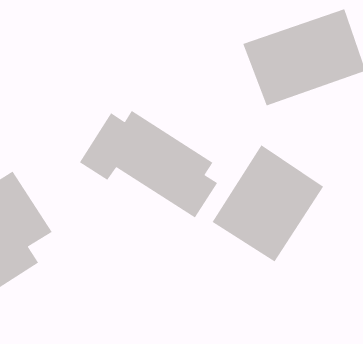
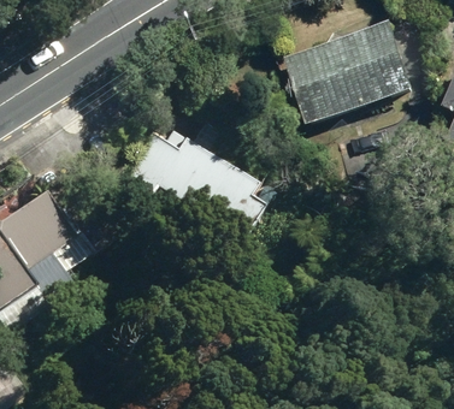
building: [212,144,324,262] -> none

